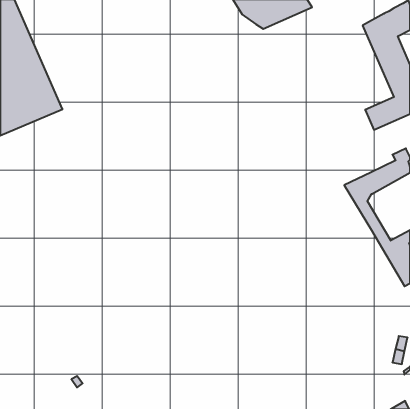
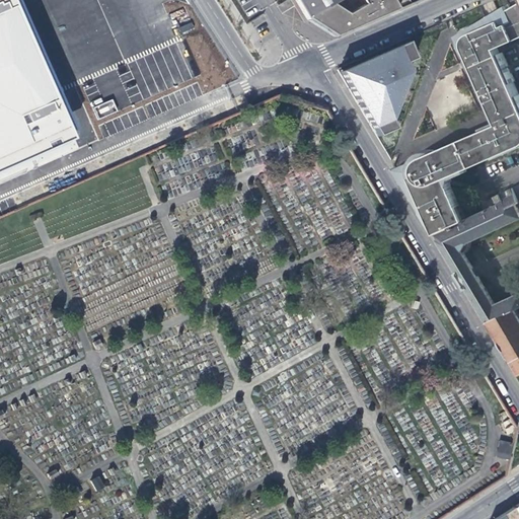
building: none -> [337,36,416,136]
building: none -> [395,139,472,234]

